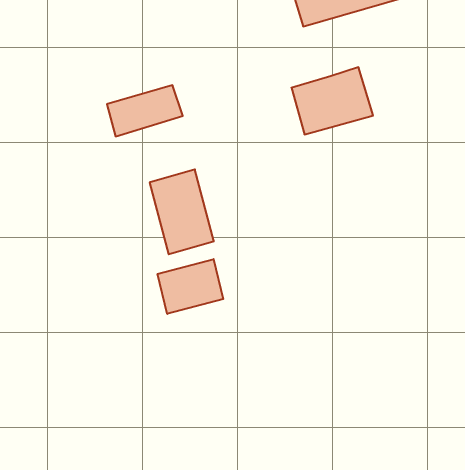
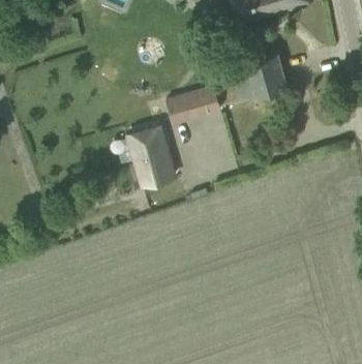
building: [107,85,183,136] -> [167,87,220,123]
building: [158,259,223,314] -> none

